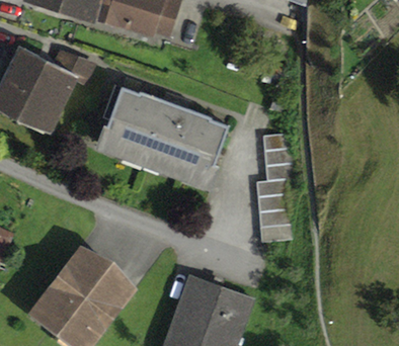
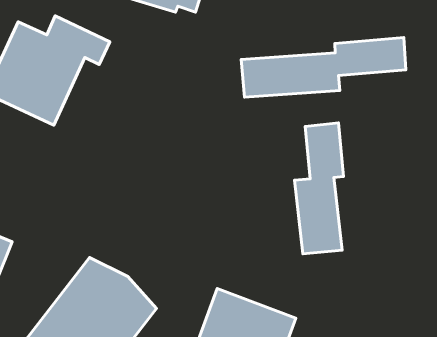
building: none -> [241,37,406,97]
building: [93,87,228,194] -> none

